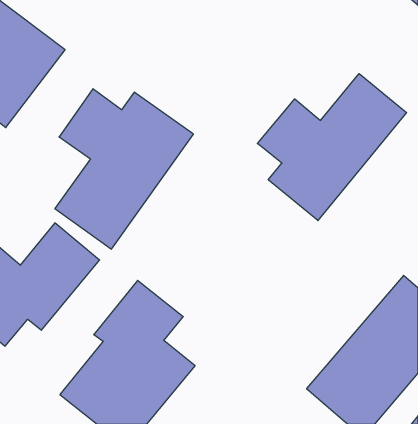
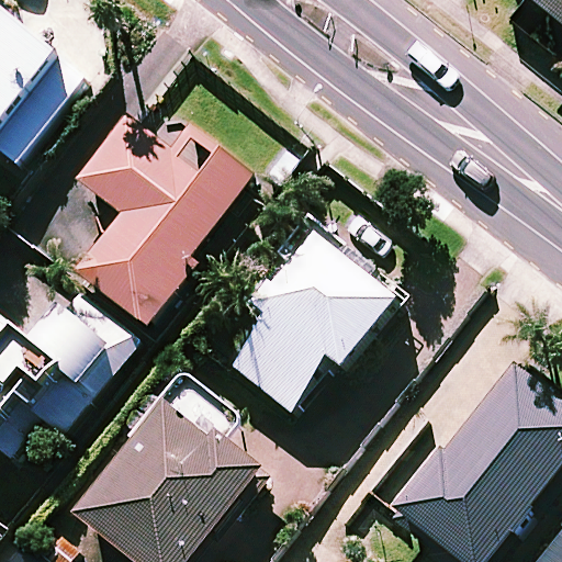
building: [257,74,407,221] -> none
building: none -> [229,221,398,409]

